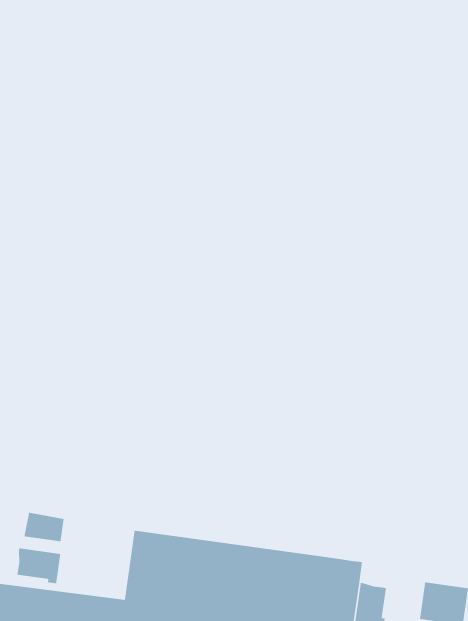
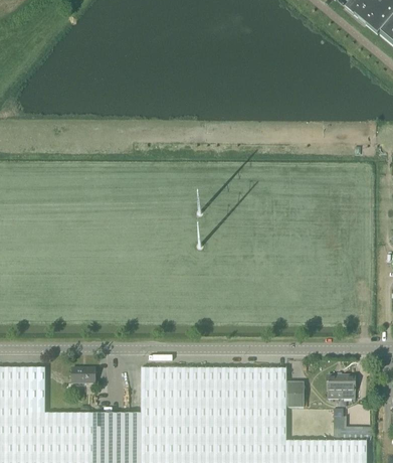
building: [17,548,61,584] -> none

